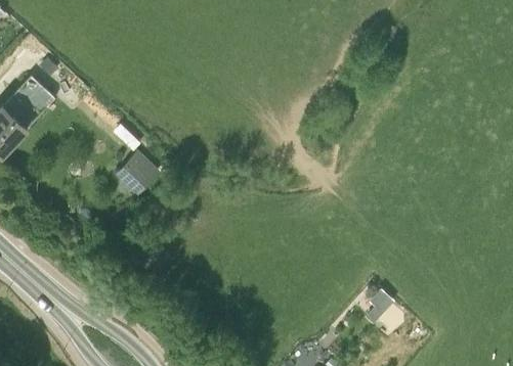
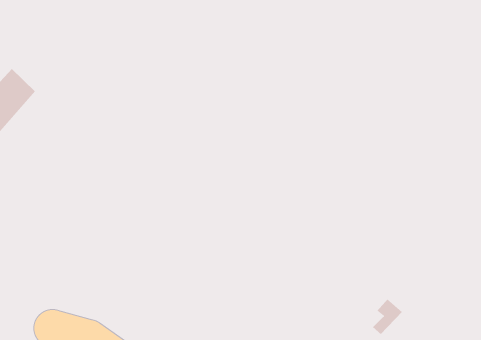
building: [118,157,155,194] -> none

